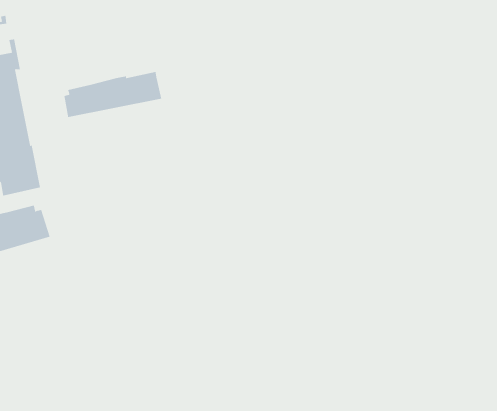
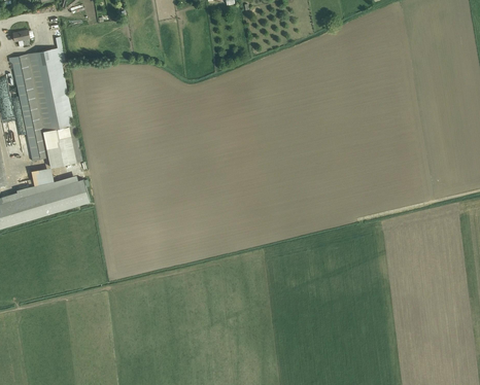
building: [64,71,162,118] -> none

